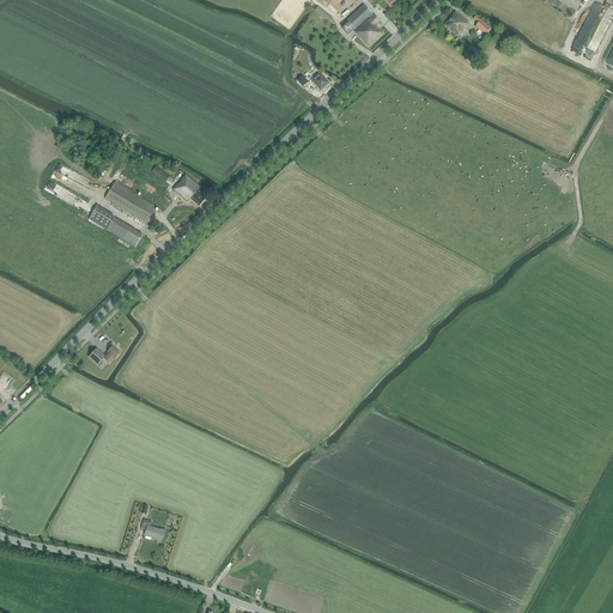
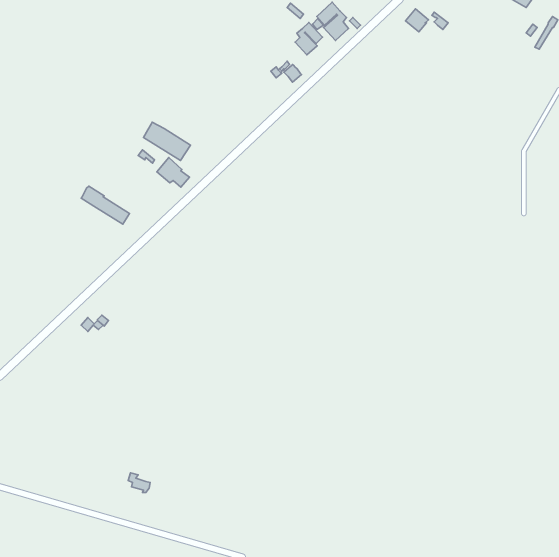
building: none -> [295,22,322,55]
building: [104,180,156,221] -> [143,122,191,160]

